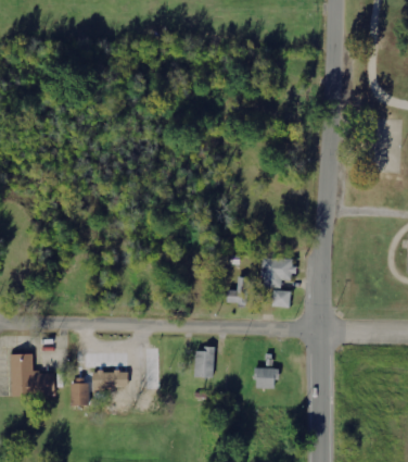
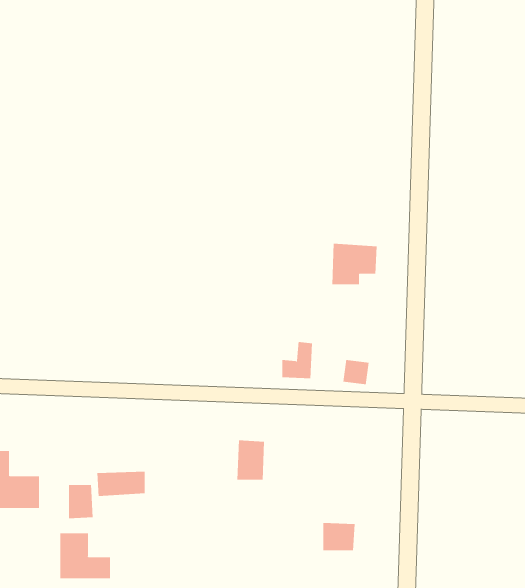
building: [260,257,294,287] -> [331,243,378,285]
building: [254,367,278,388] -> [323,522,355,551]
building: none -> [60,533,110,579]

